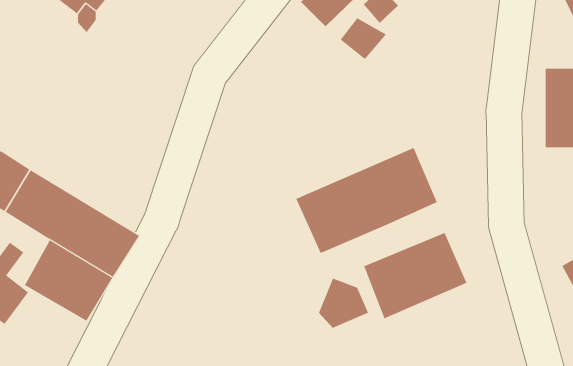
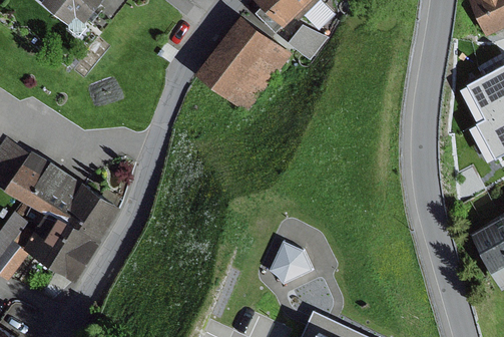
building: none -> [196,18,288,111]
building: [295,147,438,254] -> none
building: [364,232,467,319] -> none

